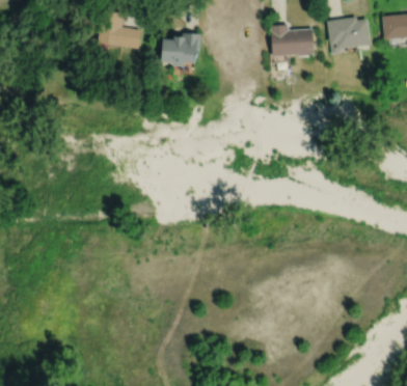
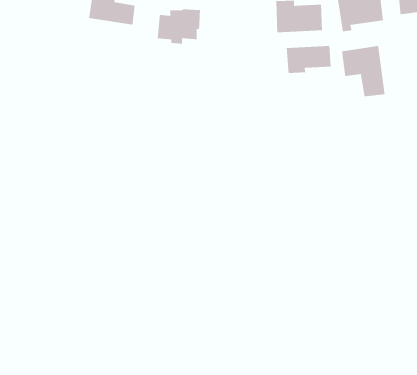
building: none -> [286,45,332,74]
building: none -> [341,45,386,97]

